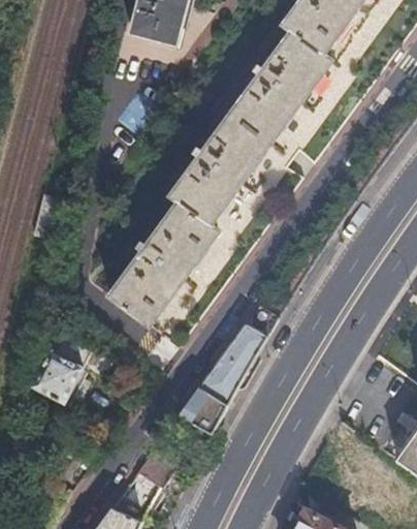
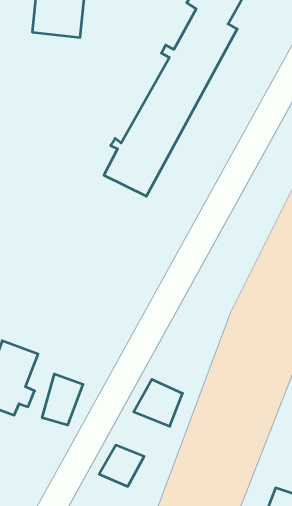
building: [109,184,219,324] -> none
building: [200,324,266,405] -> none
building: none -> [42,374,83,425]

